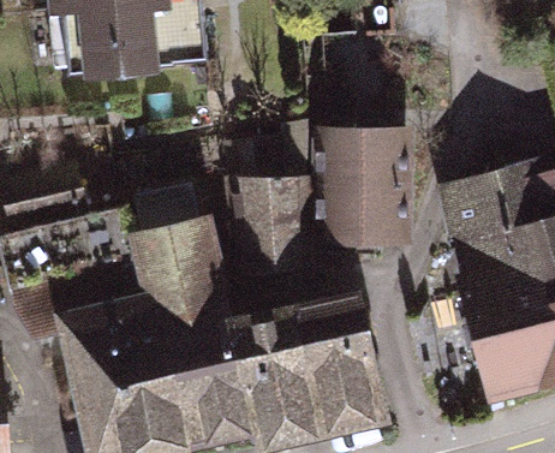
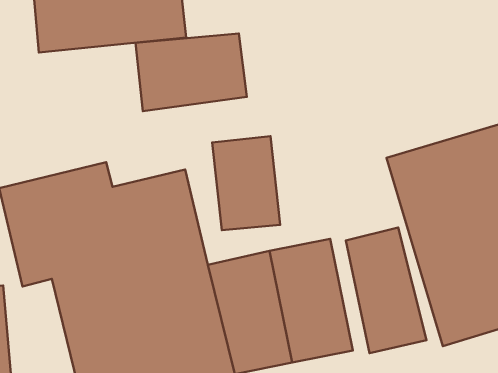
building: none -> [135,33,247,111]
building: [317,127,416,250] -> none
building: none -> [346,227,426,353]

